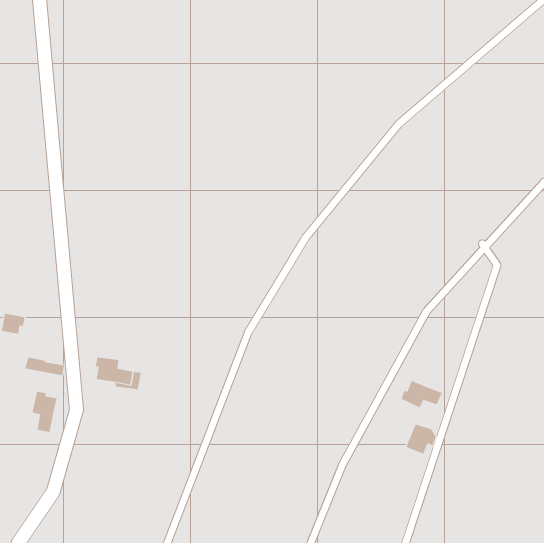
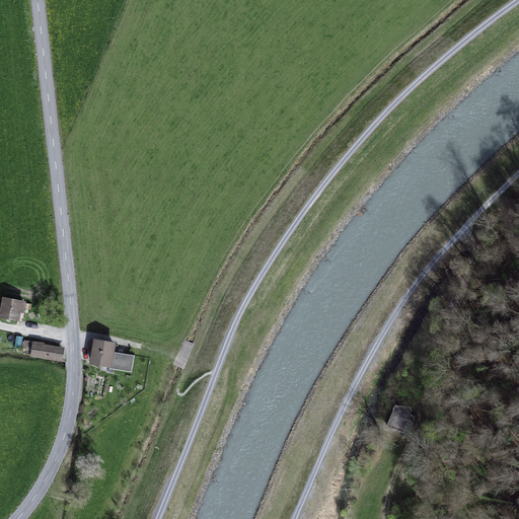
building: [401,380,442,408] -> none
building: [32,391,57,433] -> none

